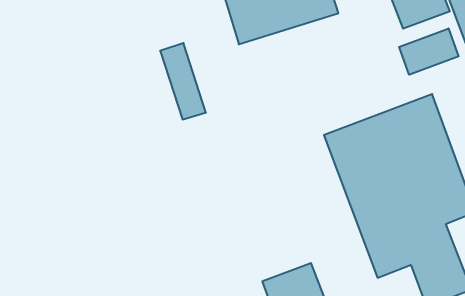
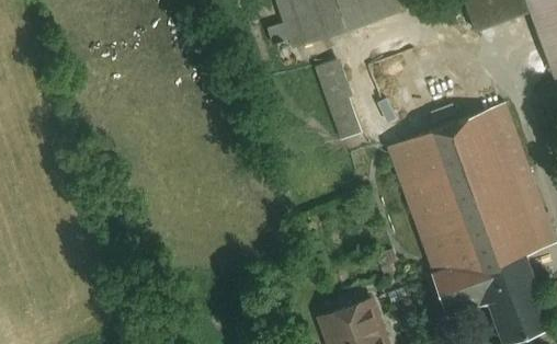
building: [399,28,459,75] -> none
building: [160,43,206,119] -> [311,57,363,142]

